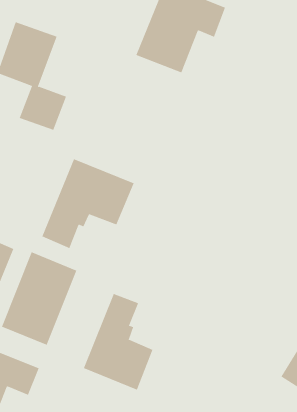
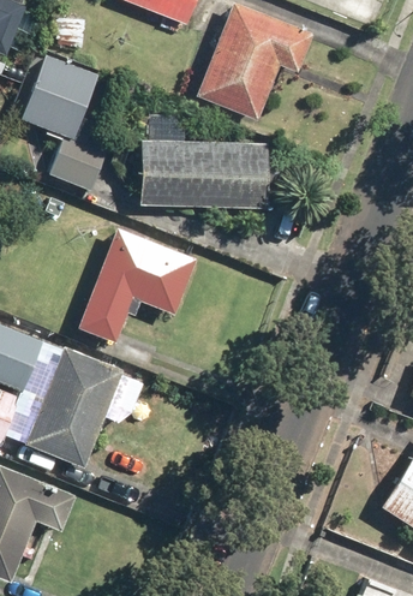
building: none -> [139,111,265,209]
building: [83,293,153,391] -> none

